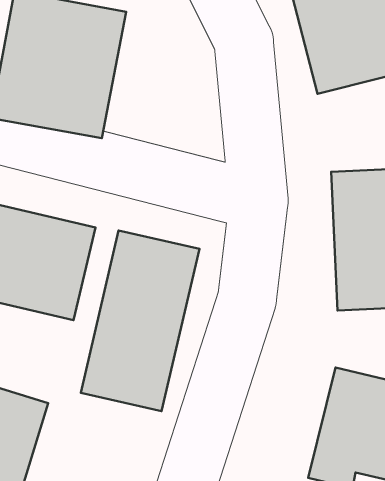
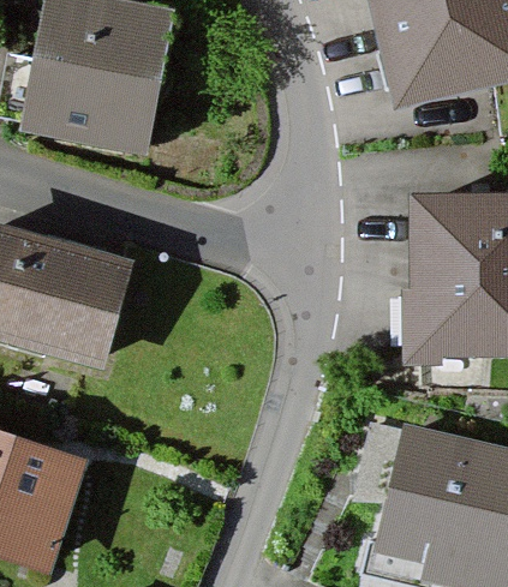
building: [81,230,199,411] -> none

